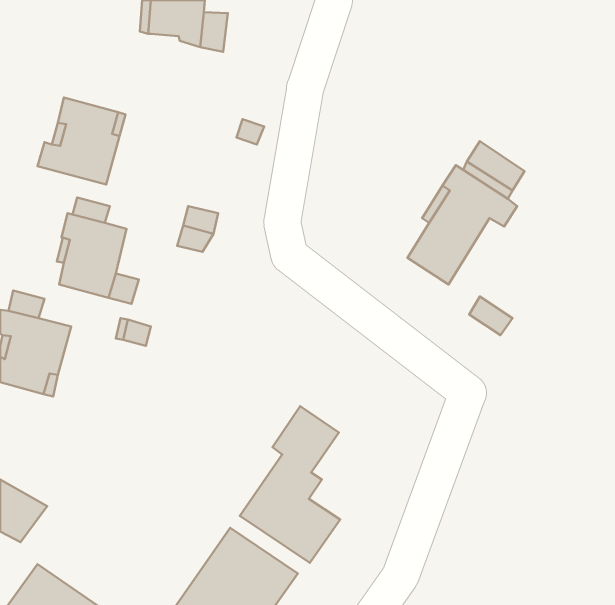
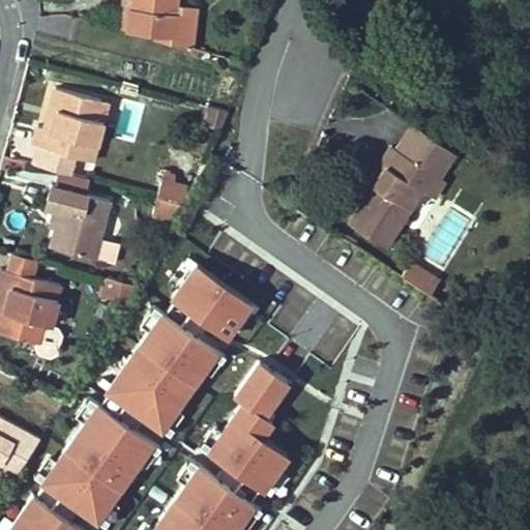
building: none -> [172,262,256,338]
building: none -> [105,311,219,433]
building: none -> [39,403,156,525]

